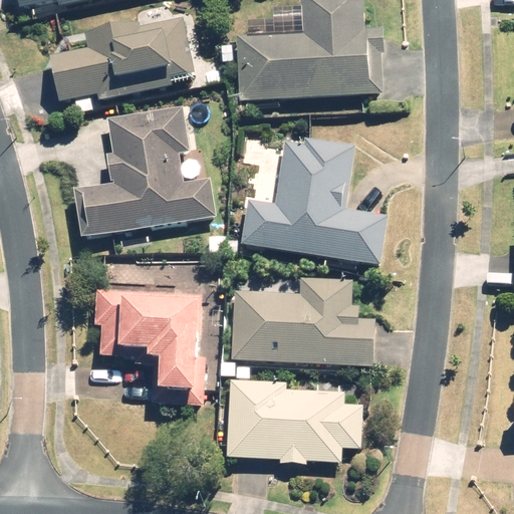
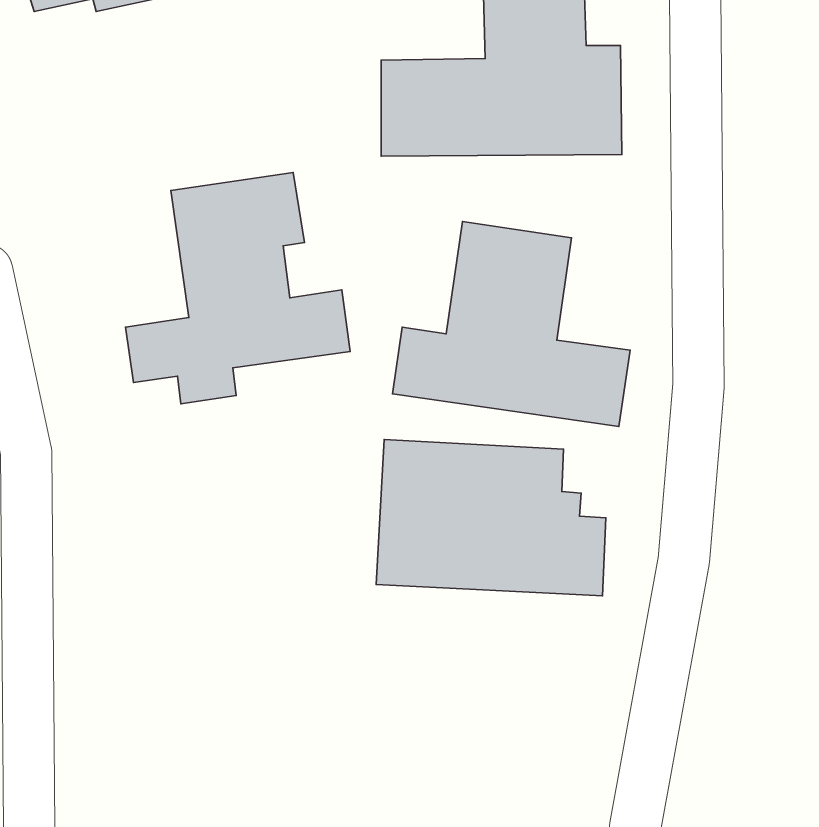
building: [48,10,196,101] -> none
building: [96,291,207,406] -> none
building: [226,380,361,464] -> none

